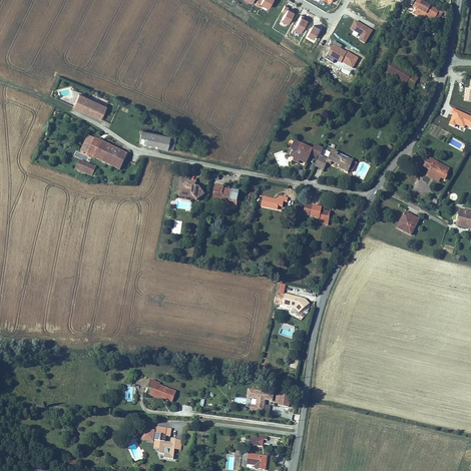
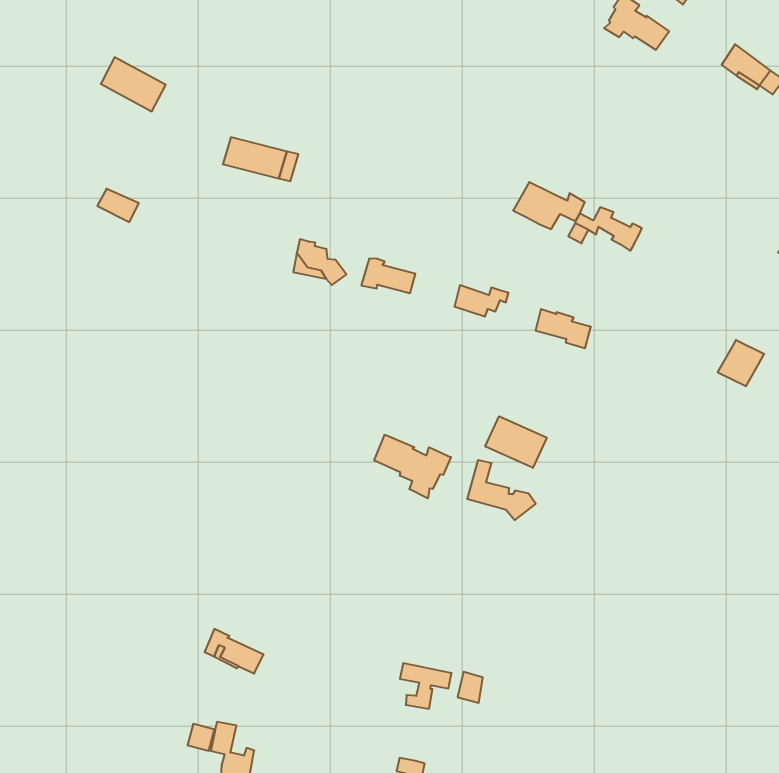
building: [79,134,127,169] -> none
building: none -> [485,416,547,468]
building: none -> [374,435,451,498]

